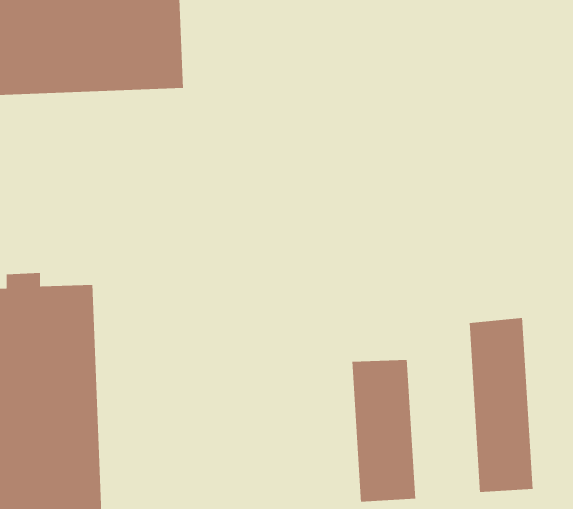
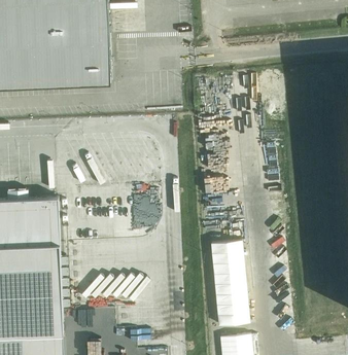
building: [469,317,534,493] -> none

